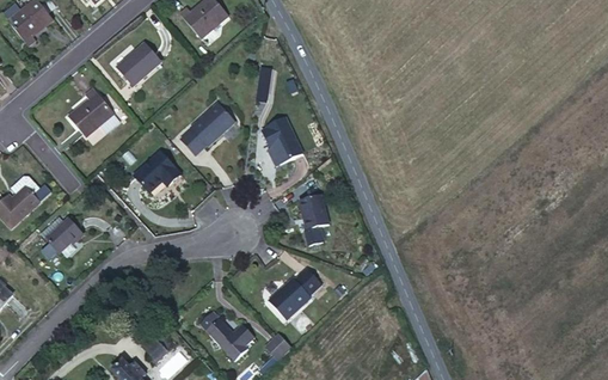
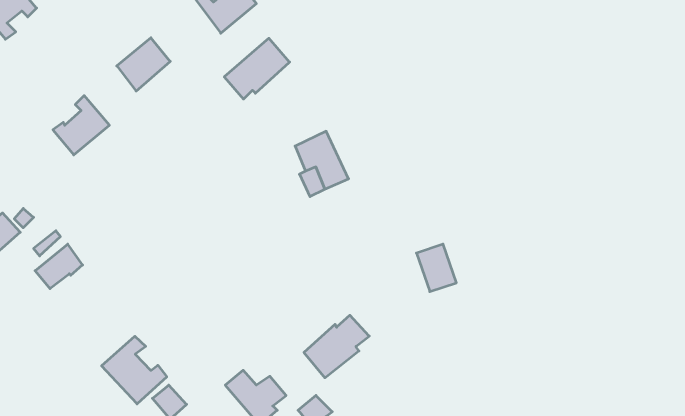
building: [184,106,237,155] -> [224,38,290,99]
building: [135,155,184,195] -> none
building: [301,203,333,241] -> [416,244,456,292]
building: none -> [102,336,167,404]

